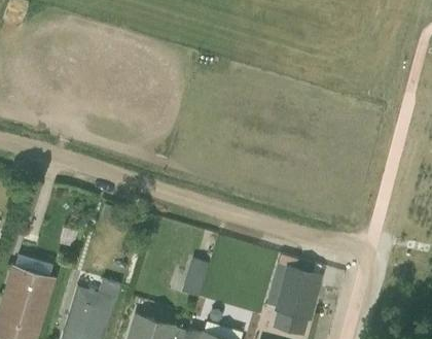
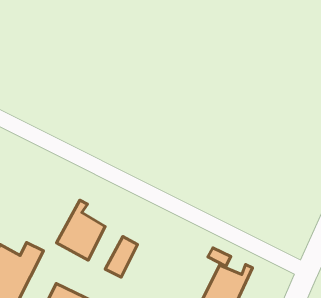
building: none -> [56,200,105,260]

